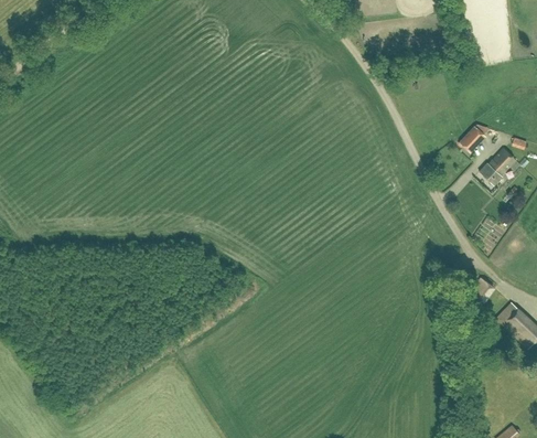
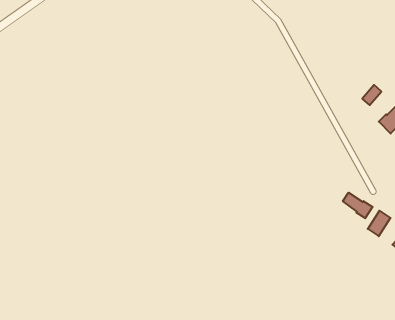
building: none -> [343,193,373,218]

